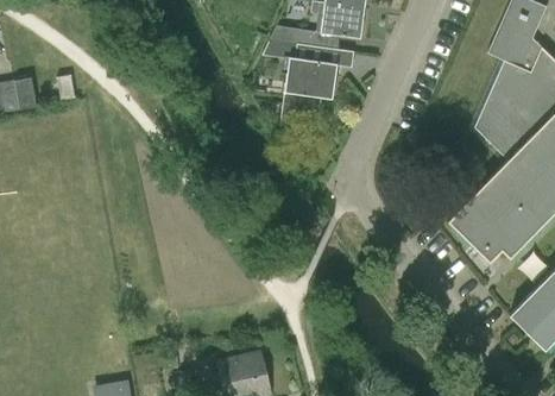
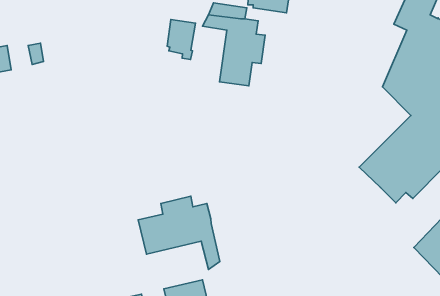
building: none -> [167,20,196,59]
building: none -> [138,196,220,270]

